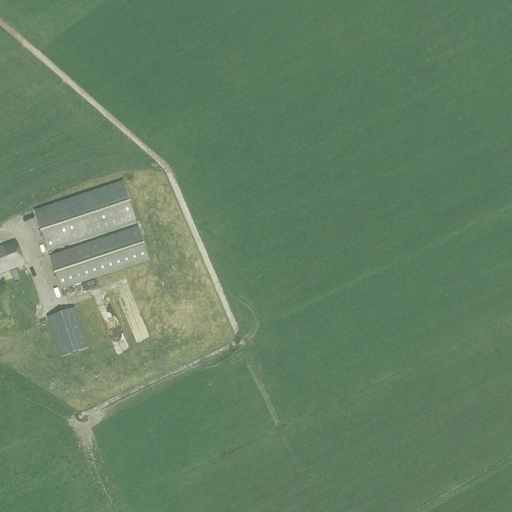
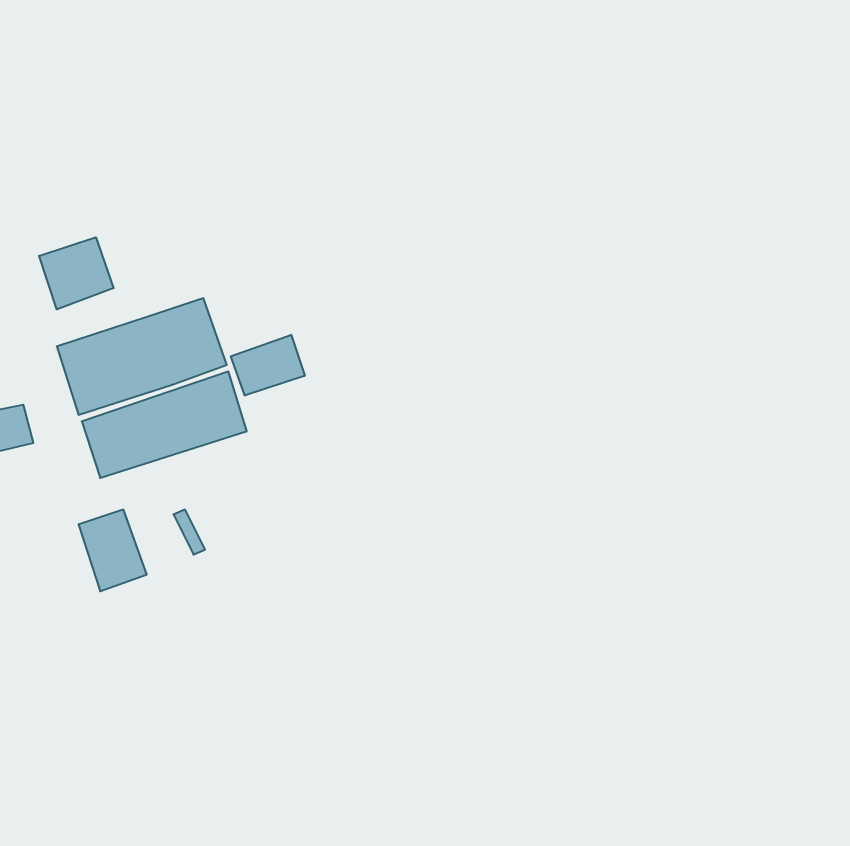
building: none -> [39,237,114,309]
building: none -> [231,335,305,396]

